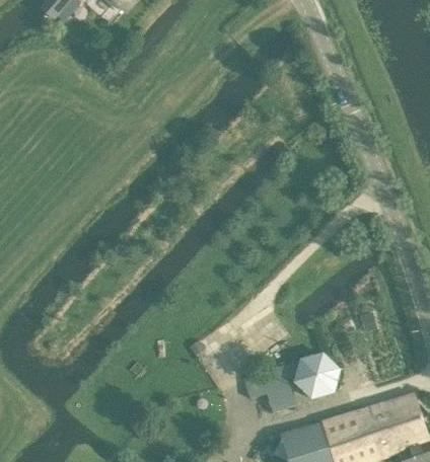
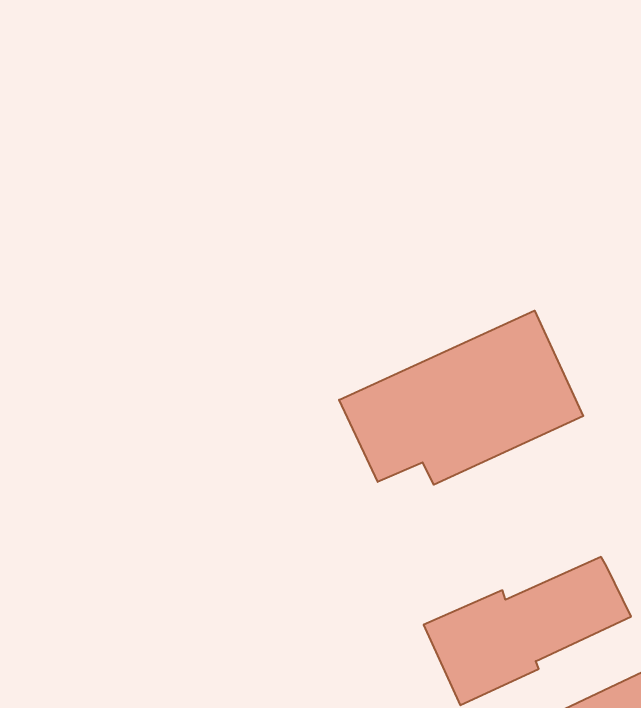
building: none -> [339,311,583,485]

